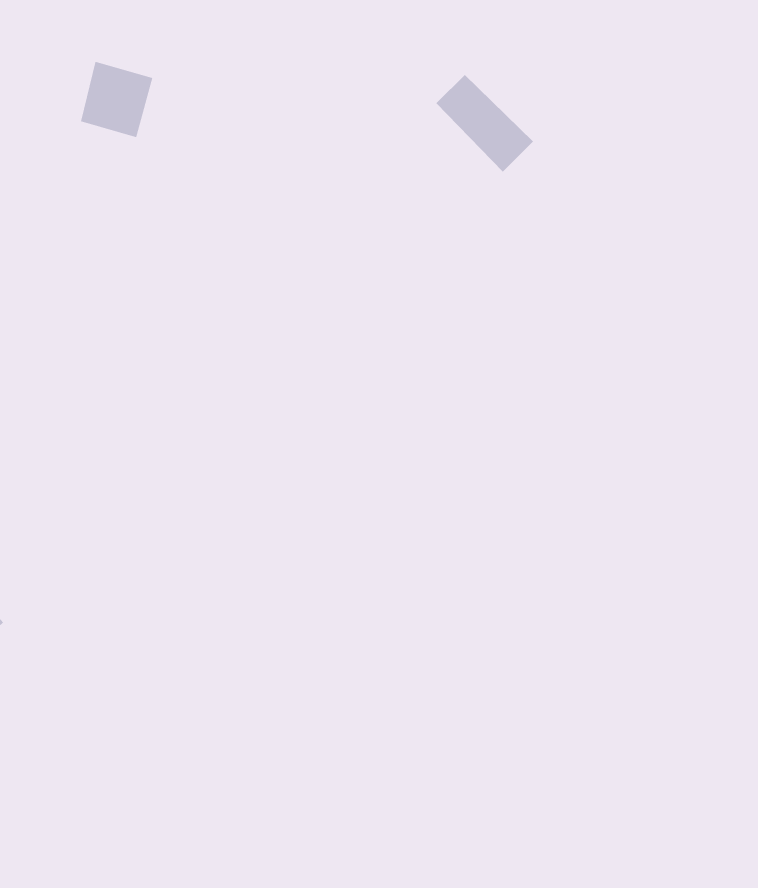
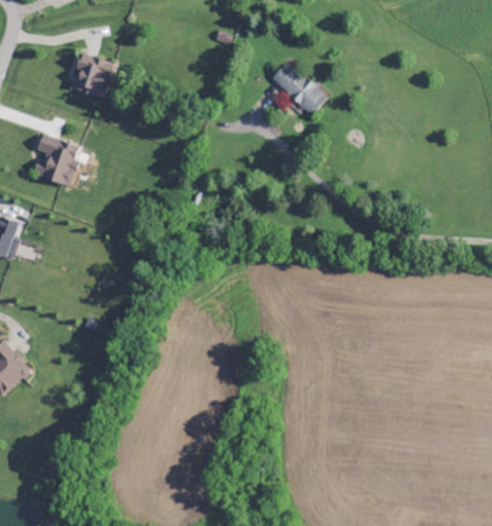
building: none -> [34,134,78,187]

